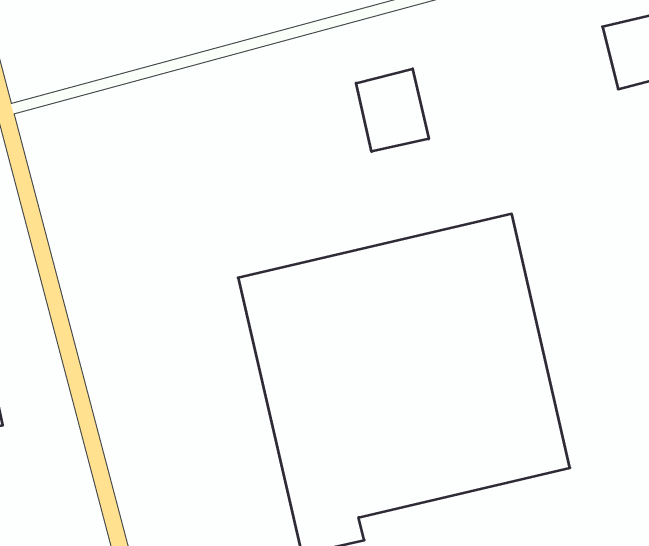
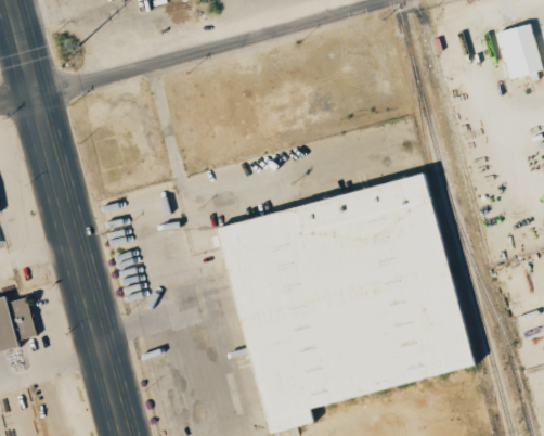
building: [356,69,429,152] -> none

